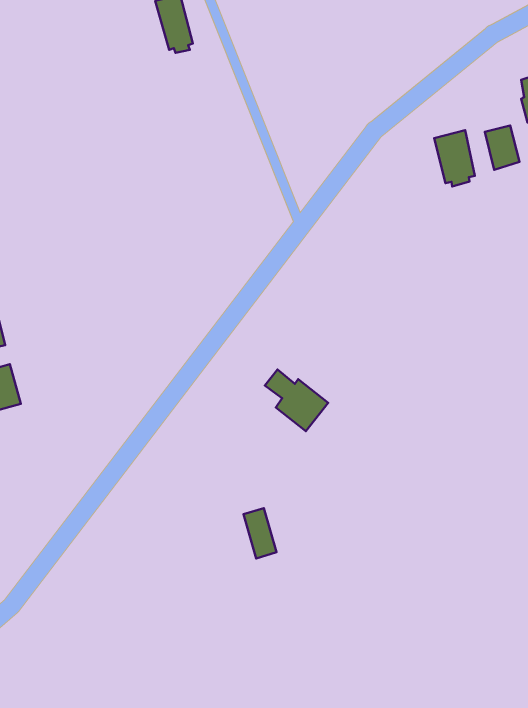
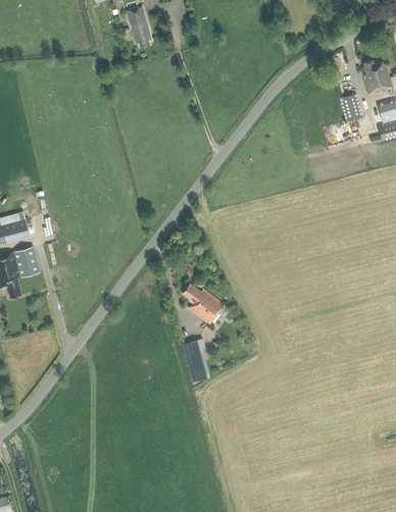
building: [434,130,475,186] -> none
building: [265,370,328,431] -> [183,284,224,323]

